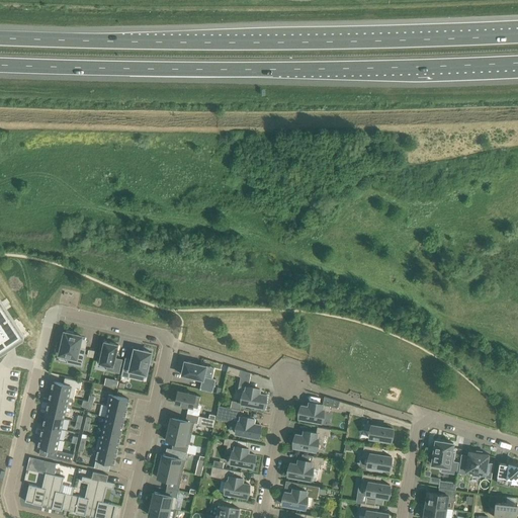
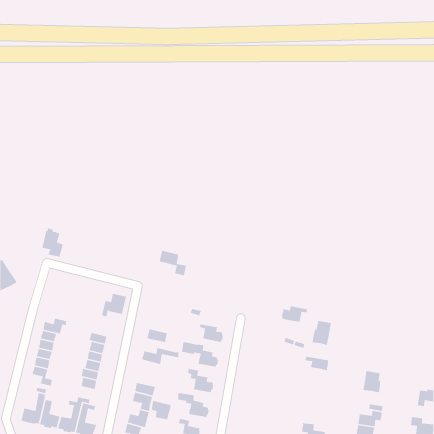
building: [59,331,85,366] -> [42,228,64,257]
building: [96,342,121,373] -> none
building: [181,361,214,393] -> [159,250,187,276]
building: none -> [311,320,332,346]
building: [297,403,330,423] -> [281,306,308,323]
building: [292,428,330,452] -> none
building: [166,429,191,453] -> [151,400,172,420]
building: [361,446,391,470] -> none
building: [457,452,493,480] -> none
building: [286,454,324,482] -> none
building: [360,474,390,499] -> none
building: [281,484,319,510] -> none

